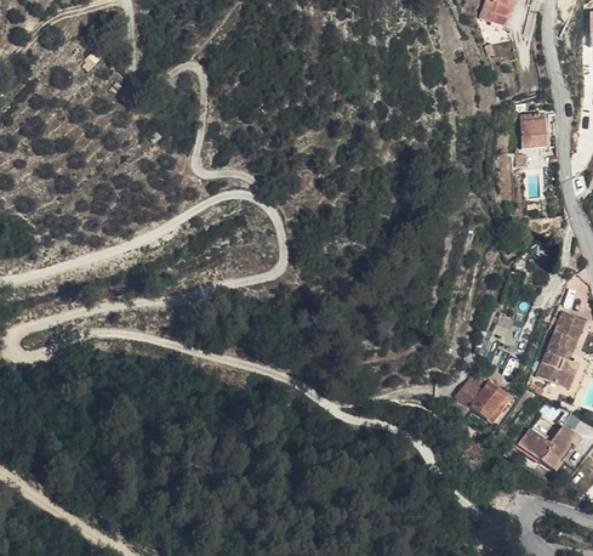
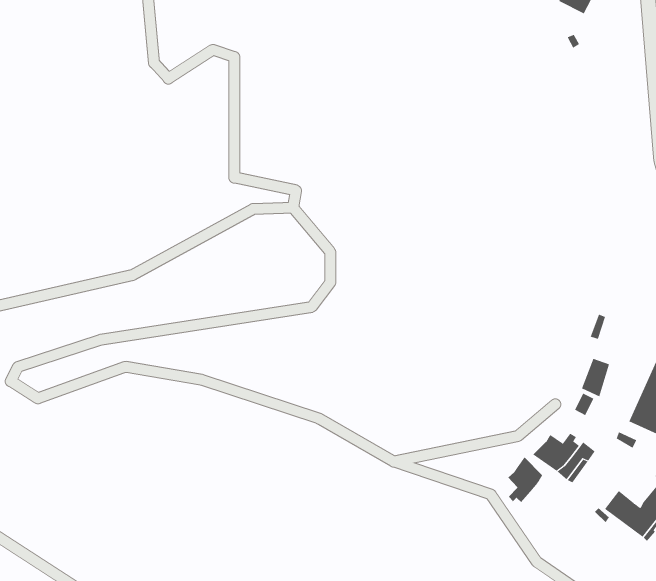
building: [514,112,540,144] -> none
building: none -> [507,457,543,503]

